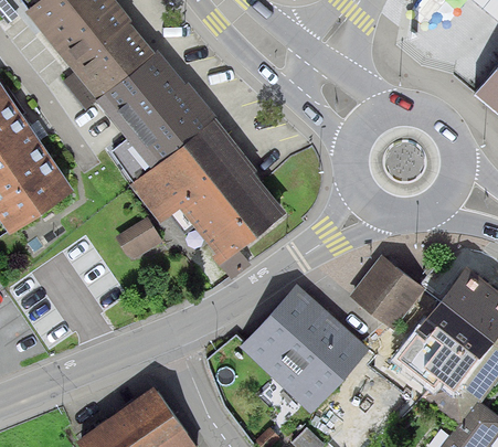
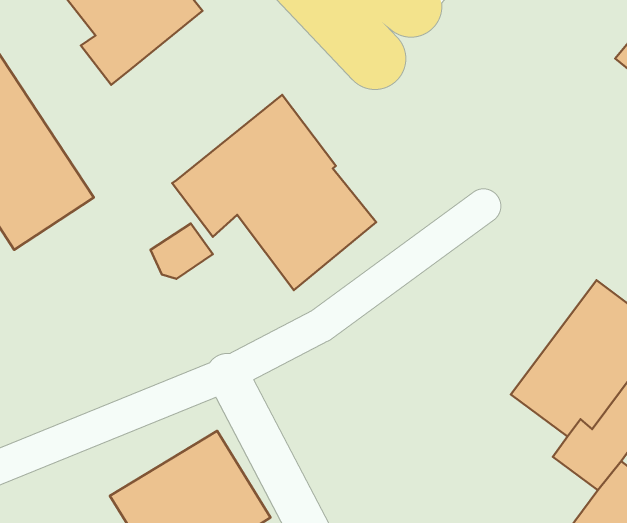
building: [97,54,216,185] -> none
building: [353,256,424,326] -> none
building: [247,289,365,406] -> none

